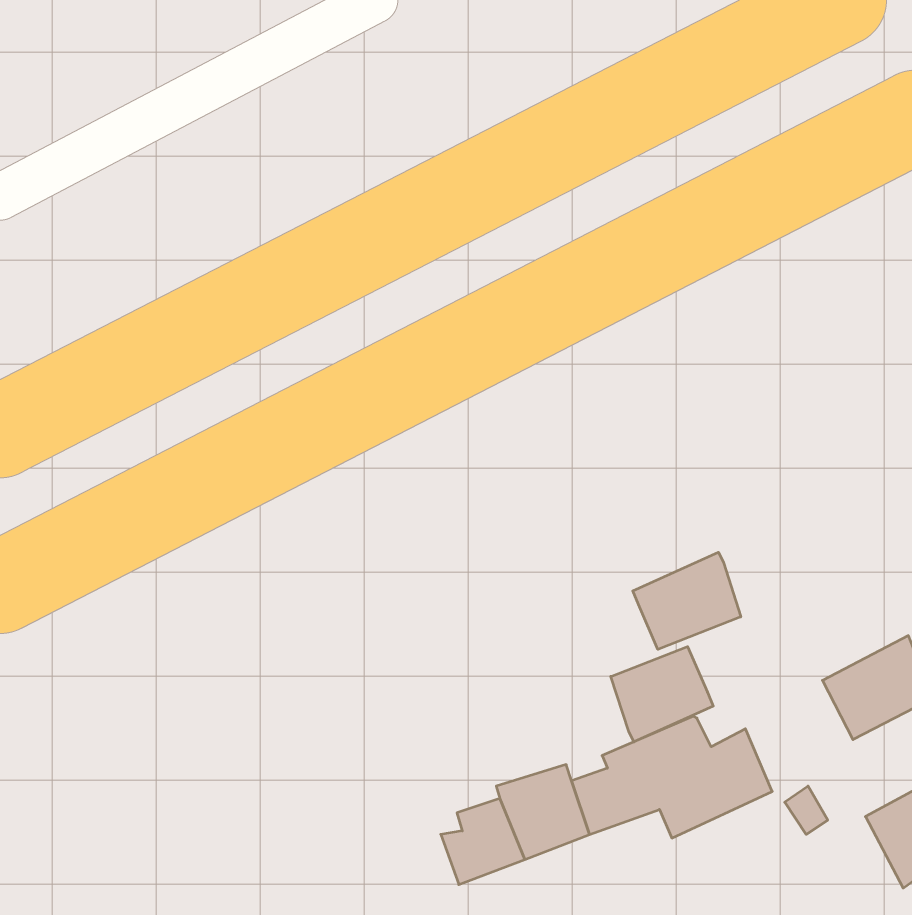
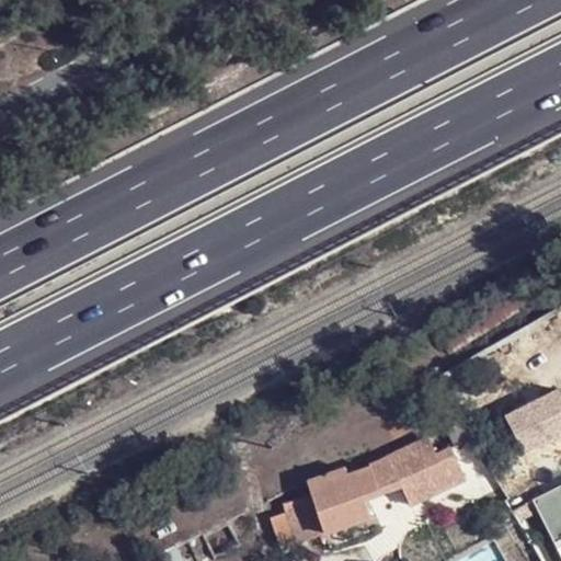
building: [633,552,741,649] -> none
building: [611,647,713,742] -> none

